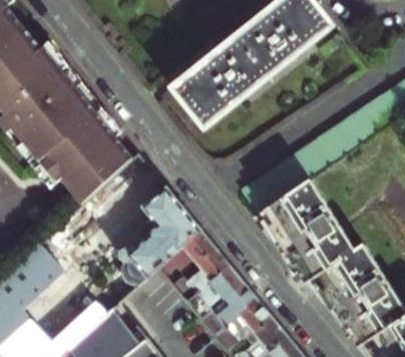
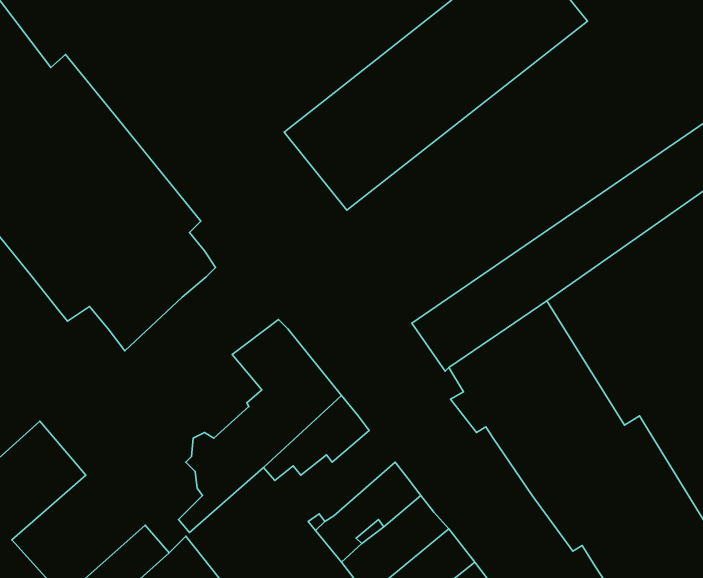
building: [187,249,231,295] -> none

